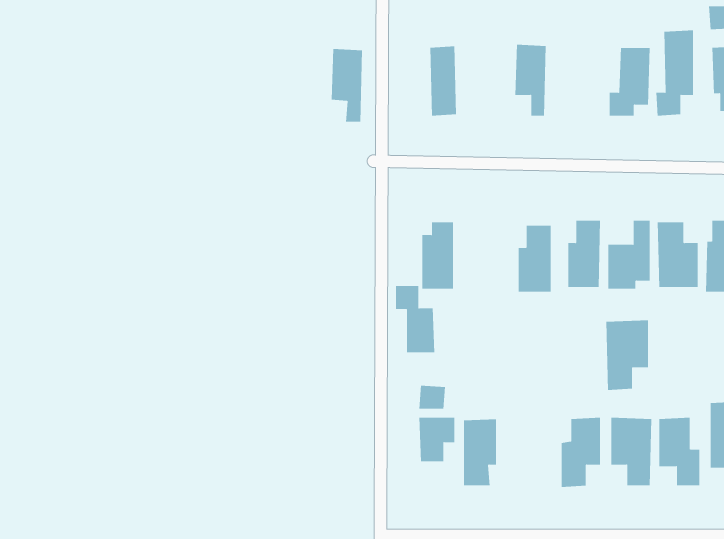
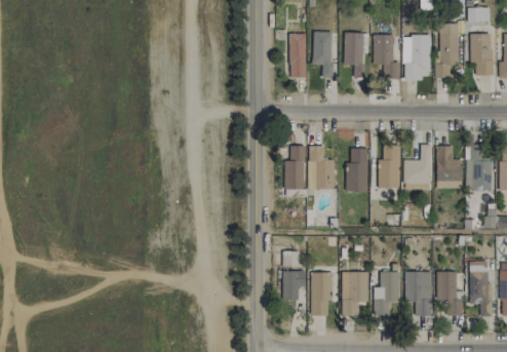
building: none -> [373,34,399,79]
building: [331,48,363,122] -> [312,31,333,78]
building: [395,286,435,353] -> [309,146,335,189]
building: [606,320,649,390] -> [341,271,368,316]

